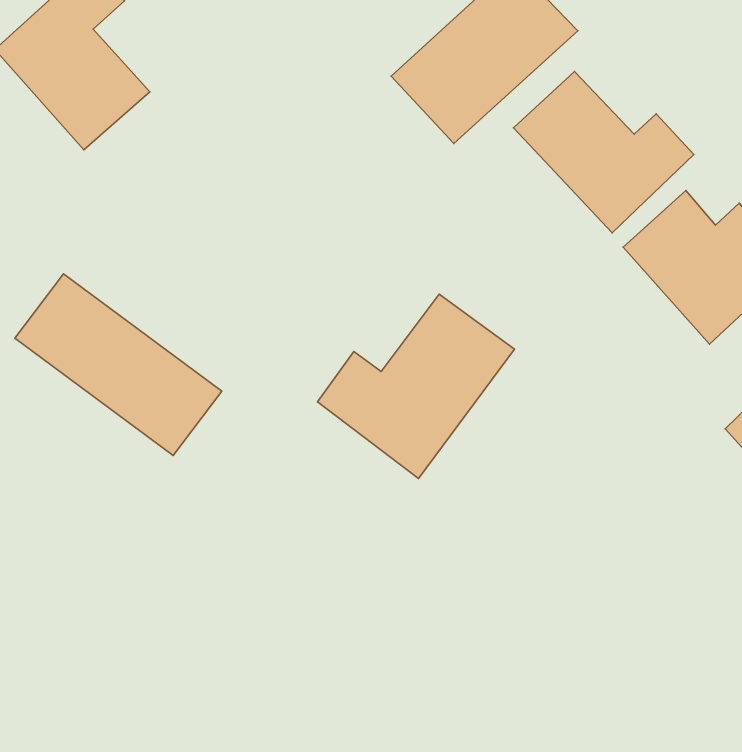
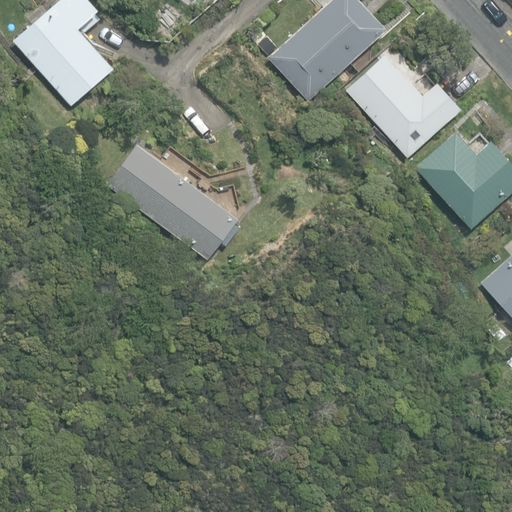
building: [15,274,222,456] -> [106,143,238,259]
building: [317,294,515,479] -> none

